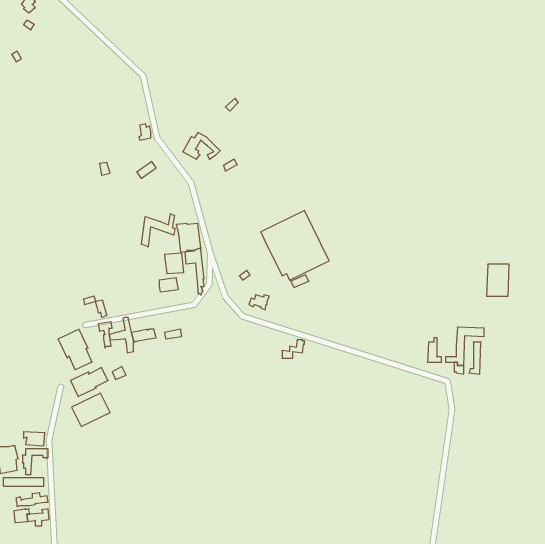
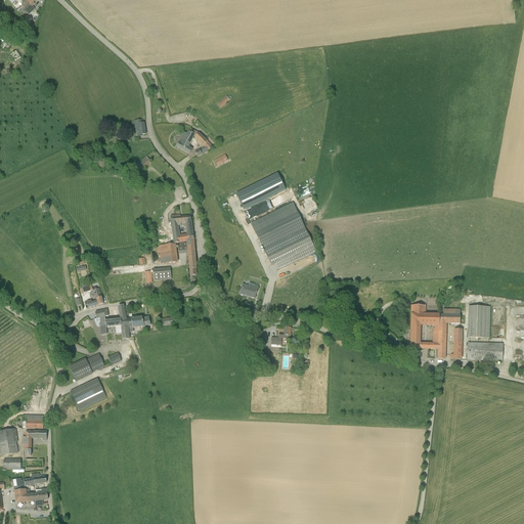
building: none -> [235,172,285,208]
building: [141,214,175,247] -> none
building: [487,264,509,296] -> [467,305,488,336]
building: none -> [410,304,438,332]
building: [58,329,92,370] -> none
building: none -> [466,341,501,359]

